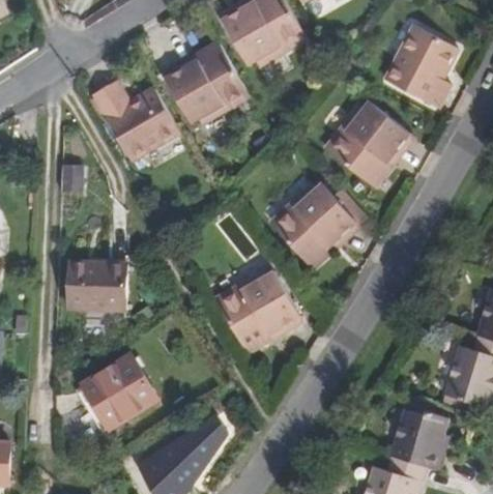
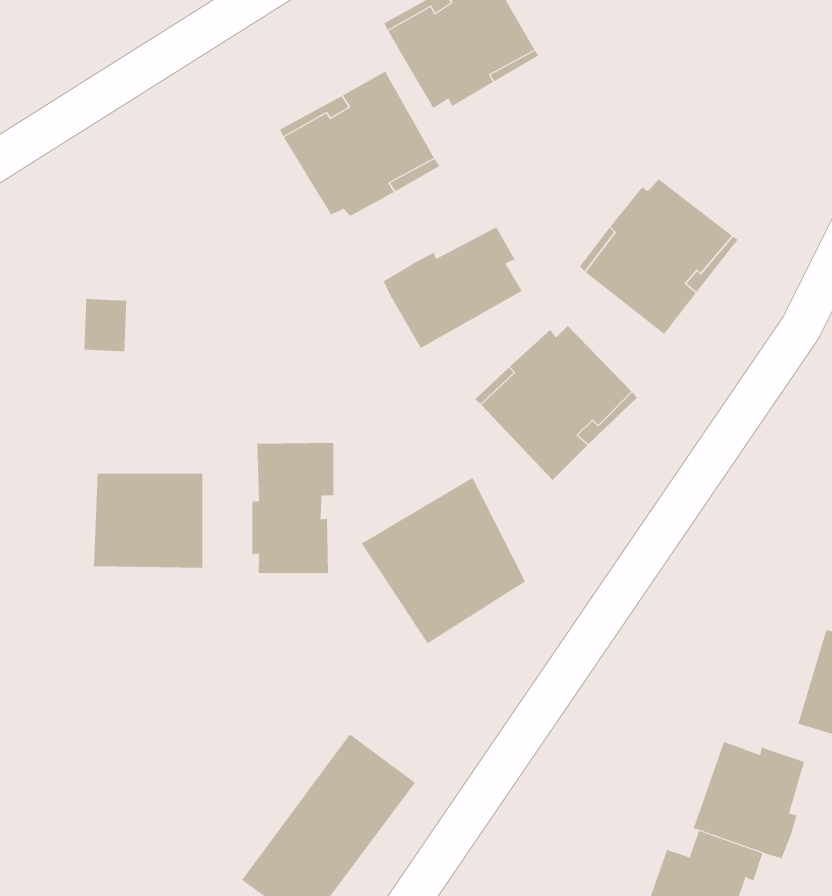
building: [389,25,459,107] -> none
building: [84,80,178,165] -> none
building: none -> [383,226,523,349]
building: none -> [252,442,334,574]
building: [69,352,155,435] -> none

